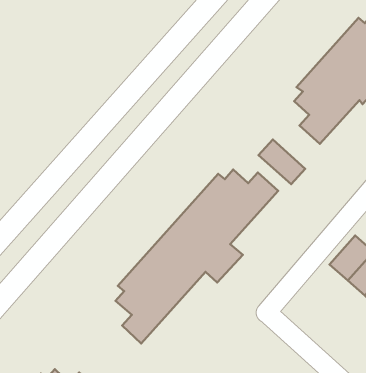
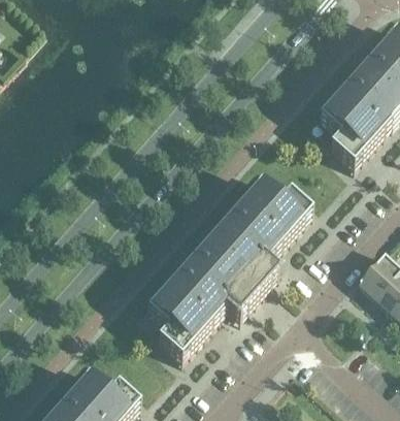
building: [259,140,305,184] -> none

